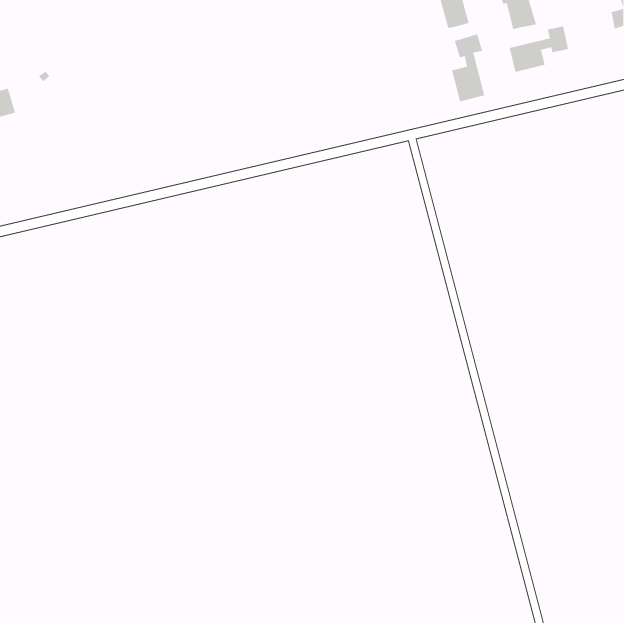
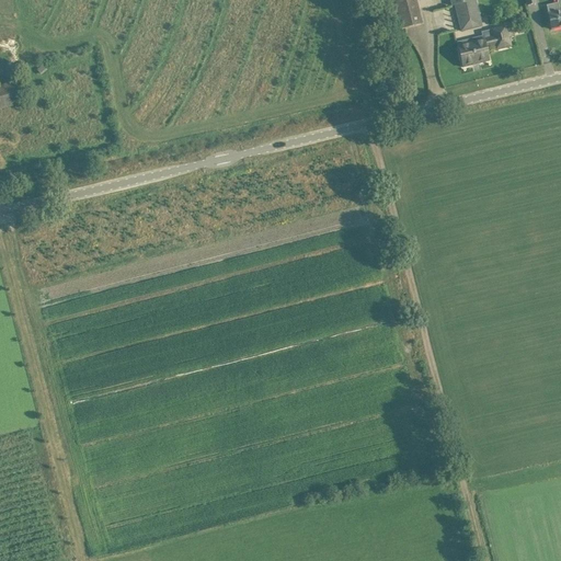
building: [451,34,485,102] -> none

